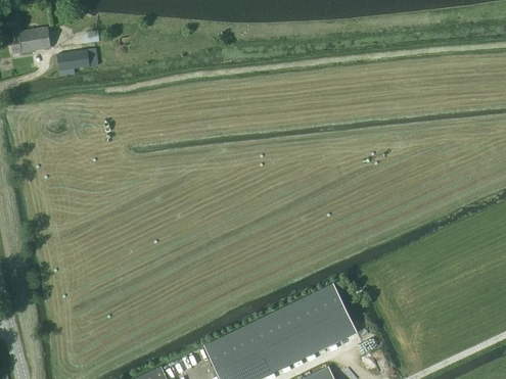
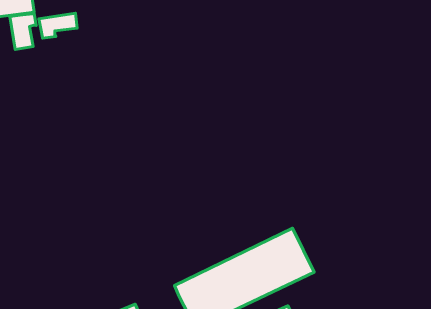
building: none -> [10,14,36,50]

